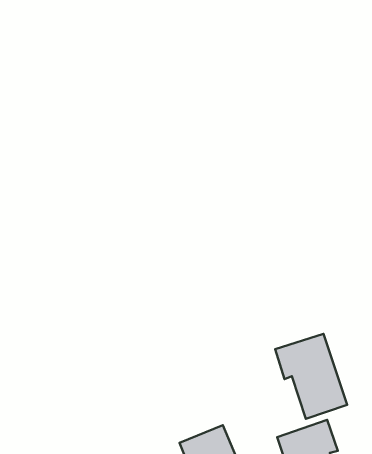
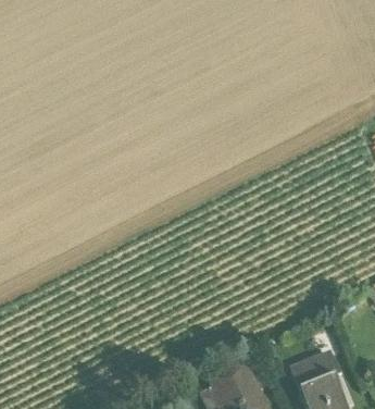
building: [275,334,347,419] -> none

